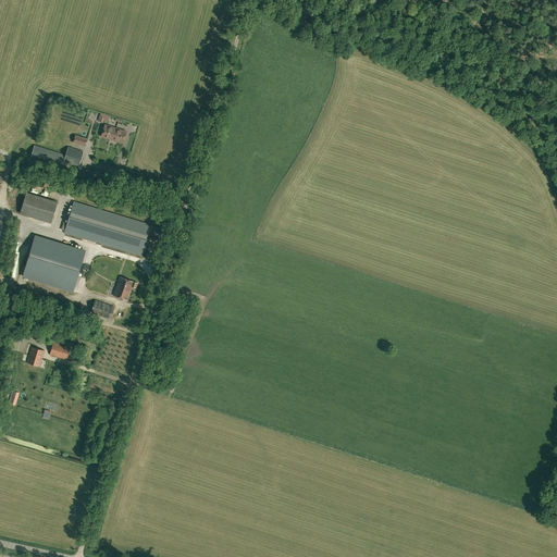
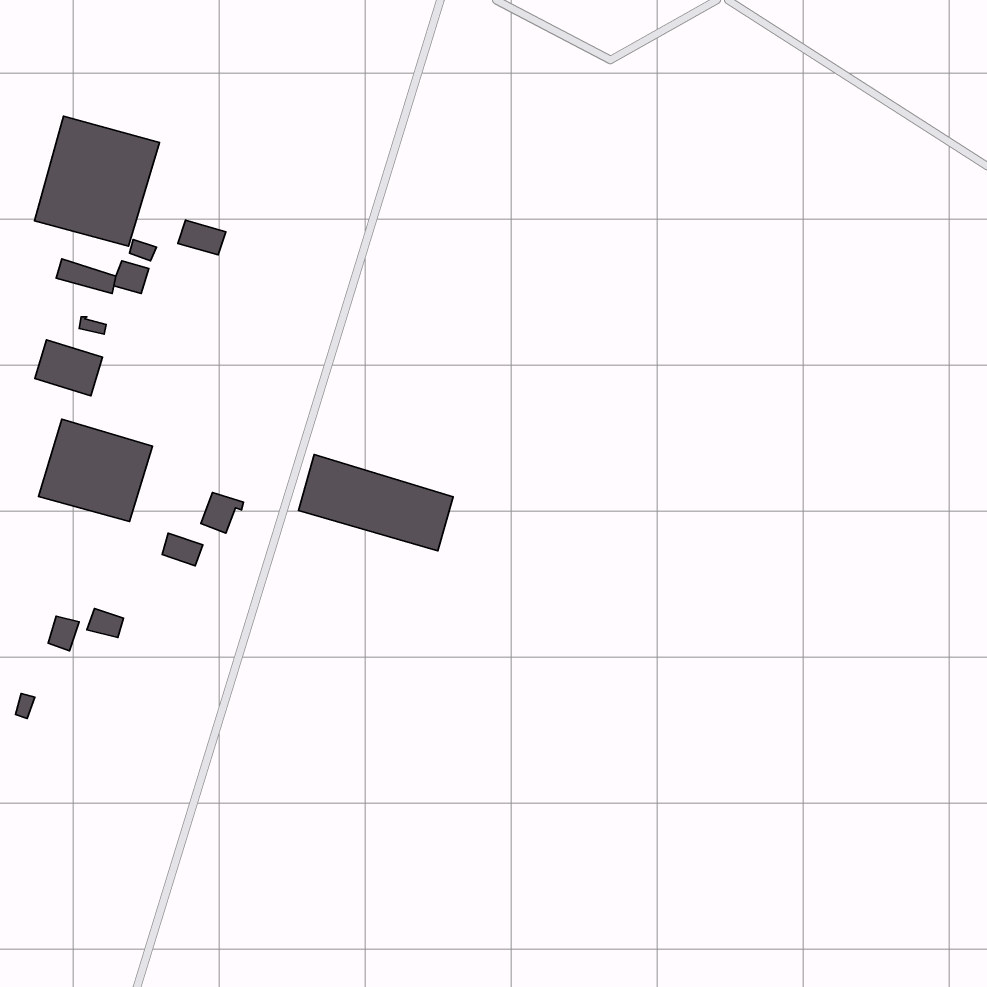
building: none -> [35,116,160,246]
building: [64,201,151,256] -> [299,454,453,551]

